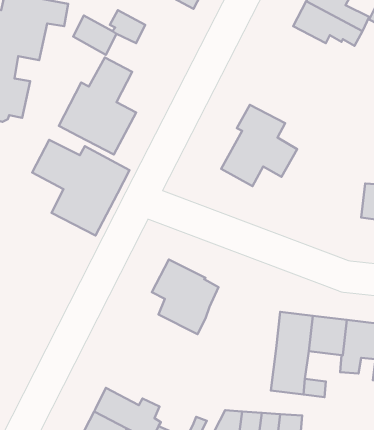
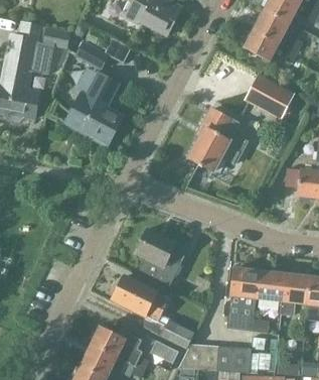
building: none -> [249,74,294,111]
building: [32,140,130,235] -> none
building: none -> [112,275,194,348]

